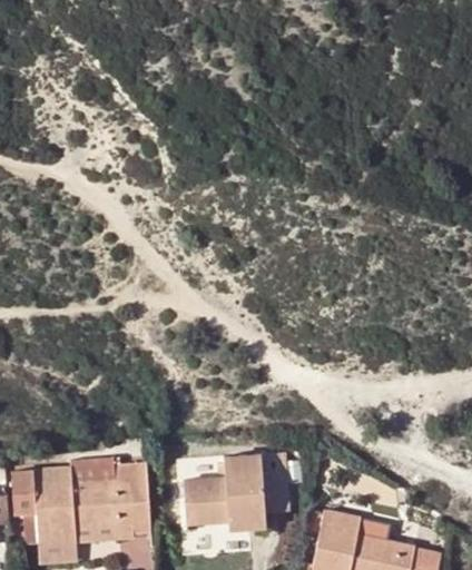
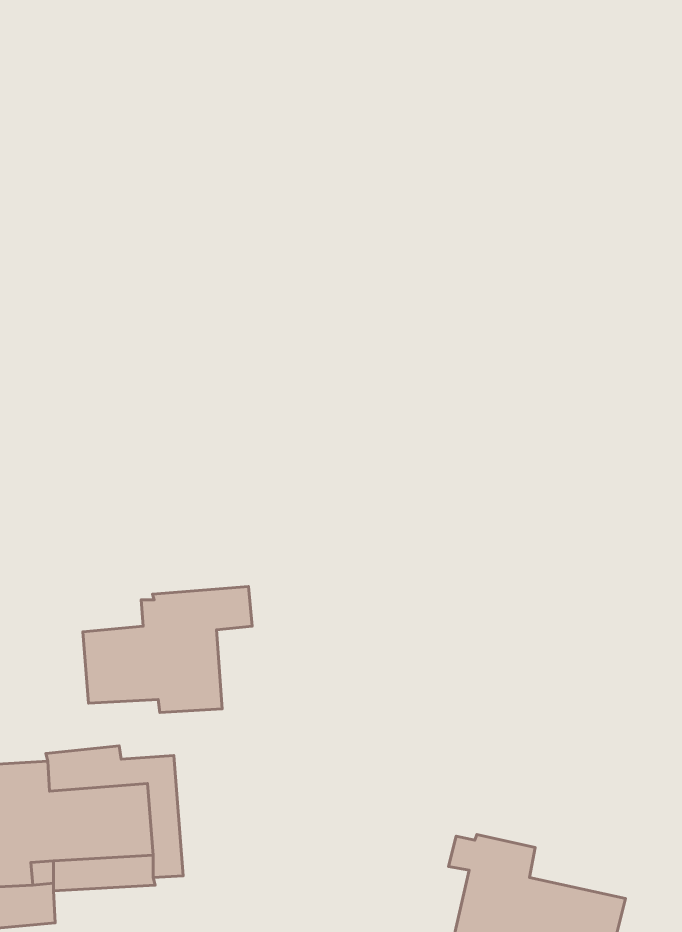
building: [183,452,283,527] -> [83,587,252,713]

